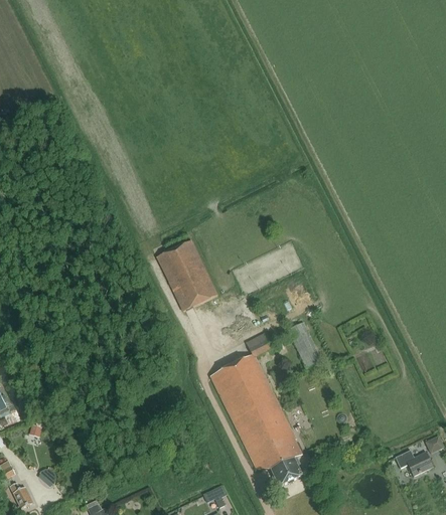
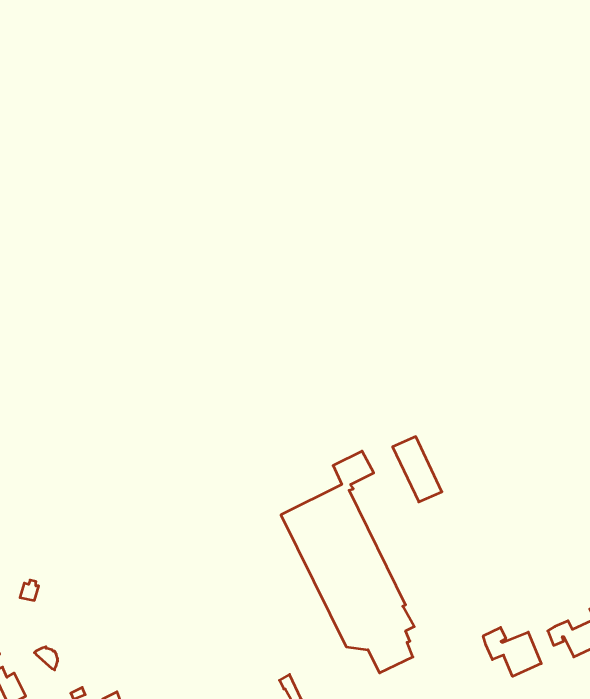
building: [156,239,217,311] -> none
building: none -> [483,627,541,676]

